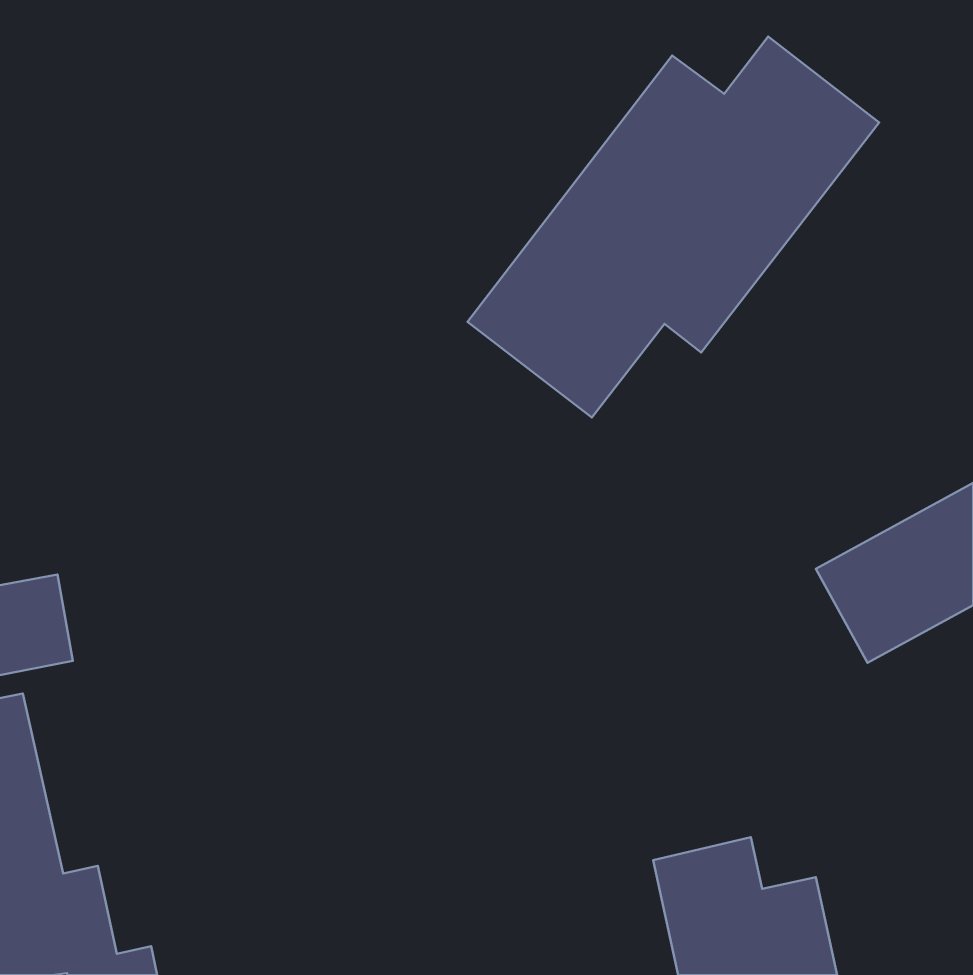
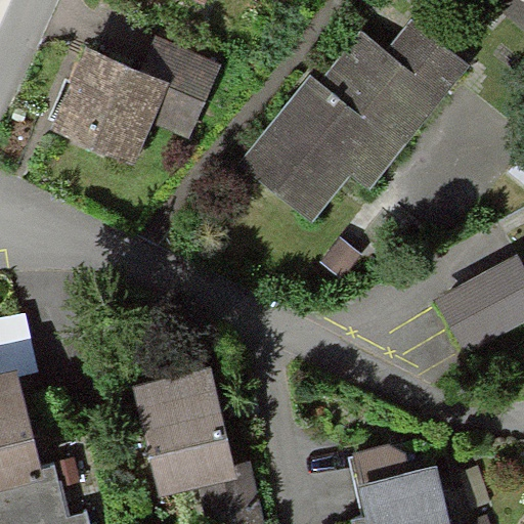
building: none -> [45,37,215,163]
building: none -> [132,365,237,504]

